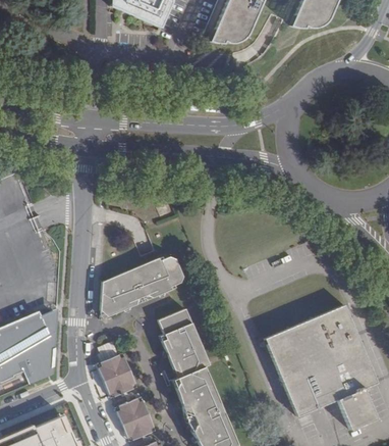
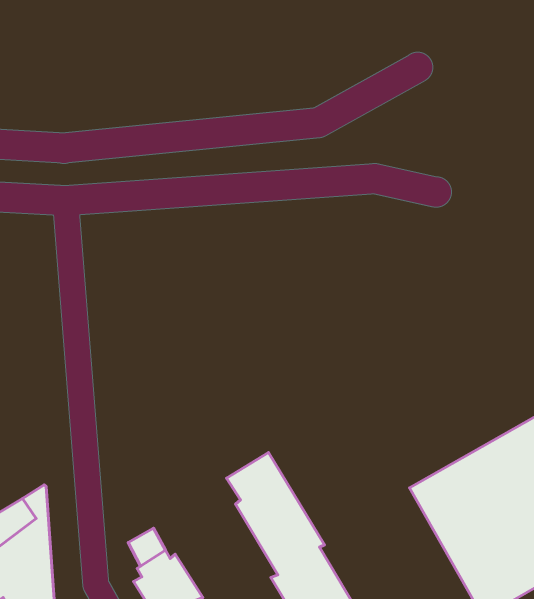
building: [101,256,180,315] -> none

